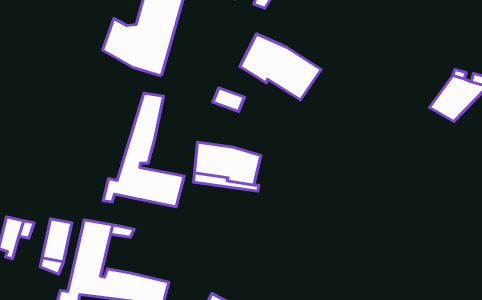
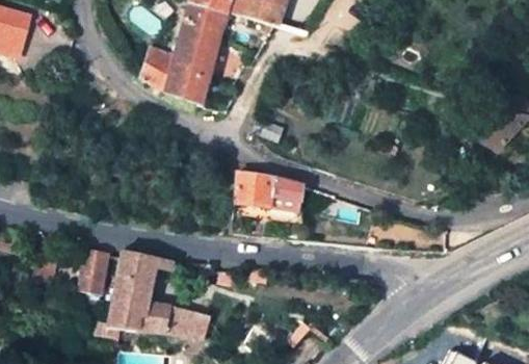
building: [240,34,321,100] -> none
building: [103,93,184,207] -> none

